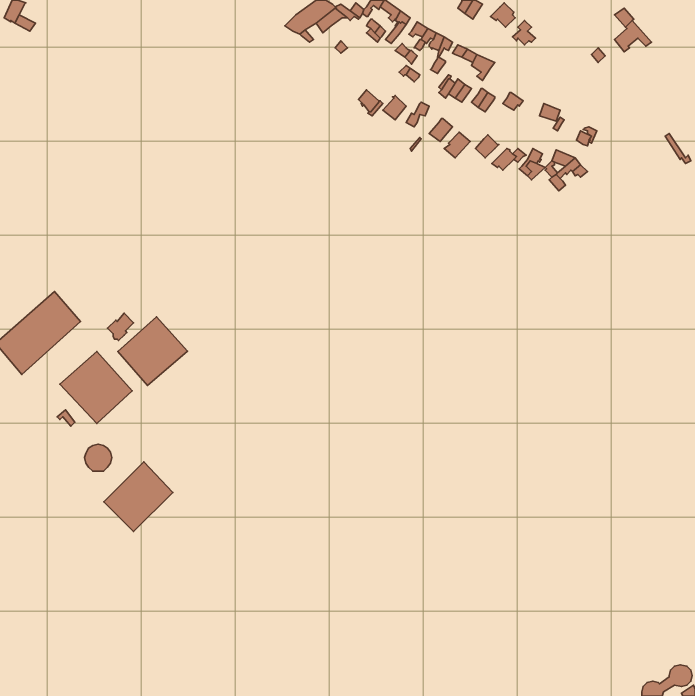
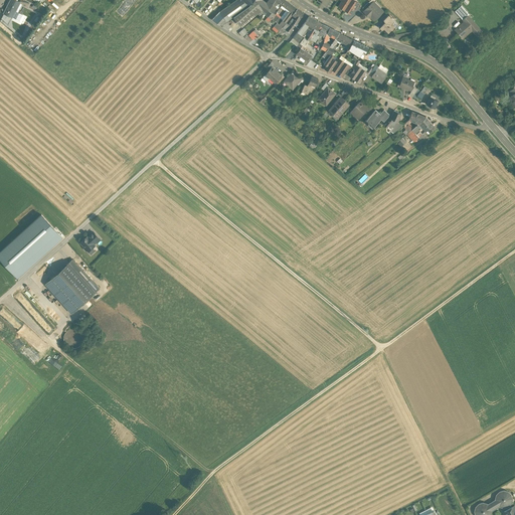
building: [118,317,188,386] -> none
building: [104,462,173,531] -> none

